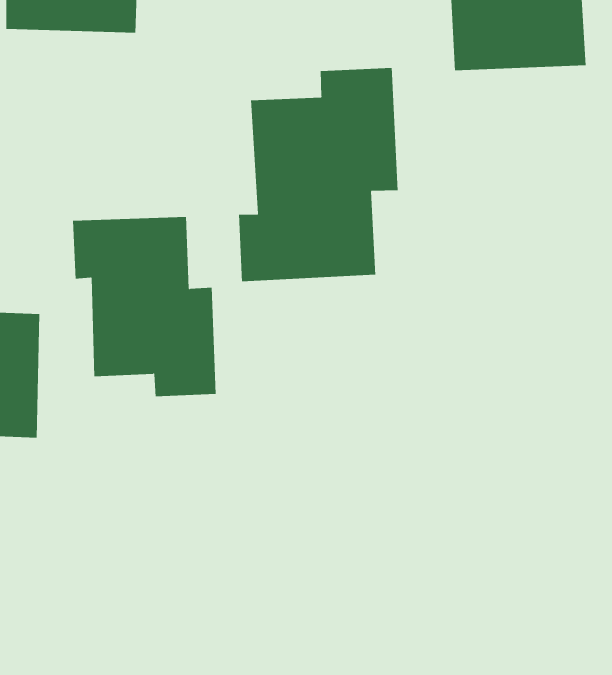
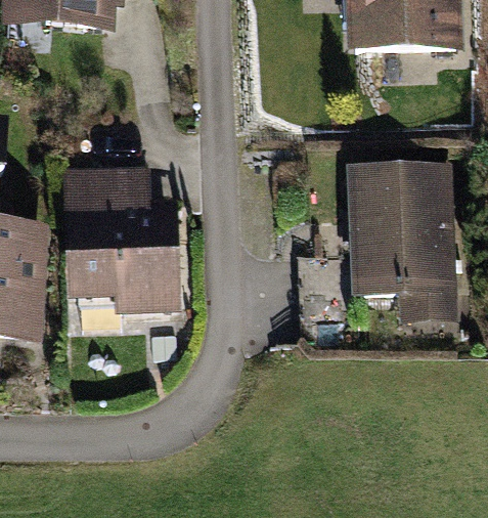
building: [239,67,398,282] -> none
building: none -> [357,170,451,297]

